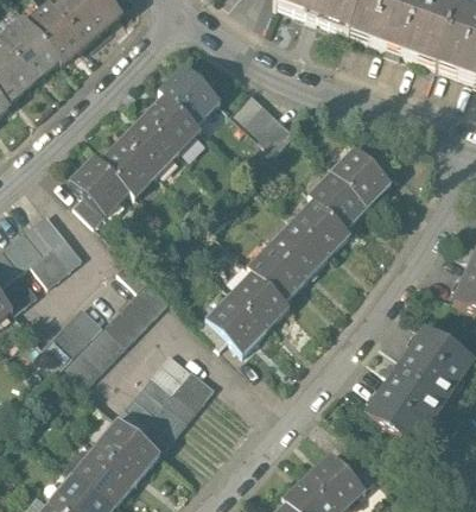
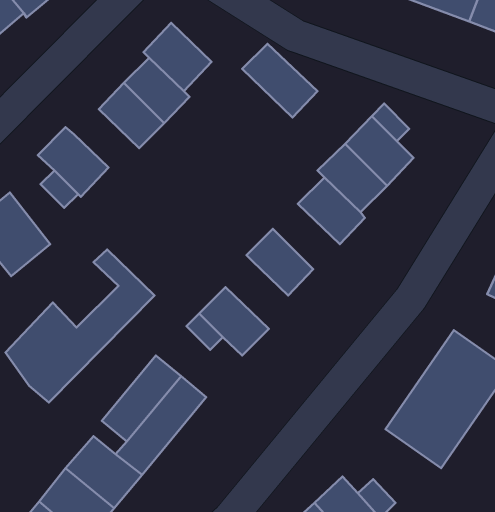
building: [100,141,156,197] -> none
building: [269,222,326,278] -> none
building: [229,271,288,329] -> none

